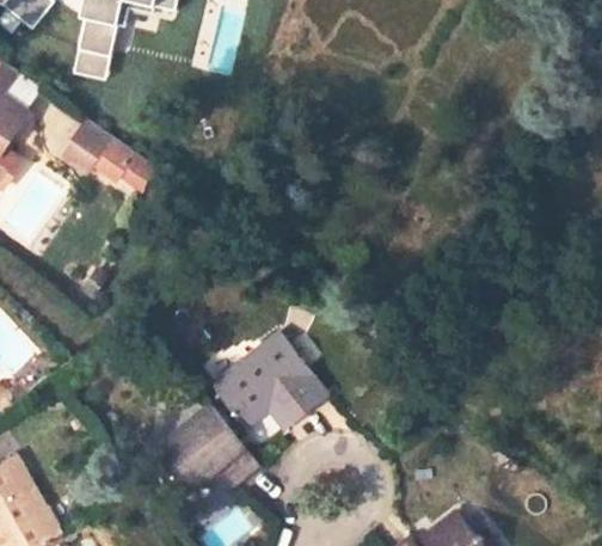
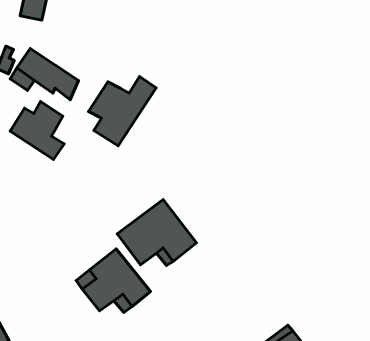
building: none -> [88,77,156,146]
building: none -> [10,101,64,160]

